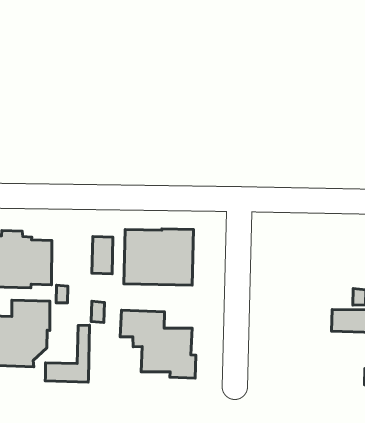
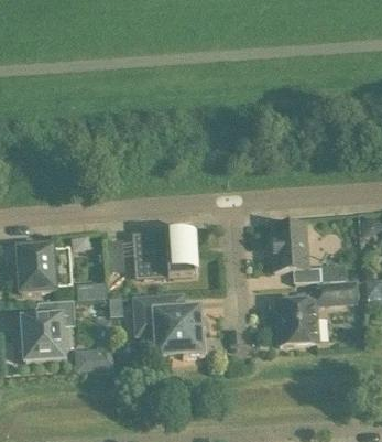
building: none -> [272,222,320,280]
building: none -> [276,299,318,343]

